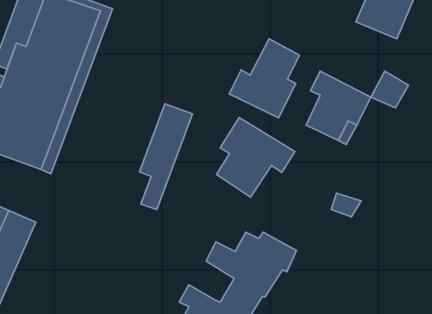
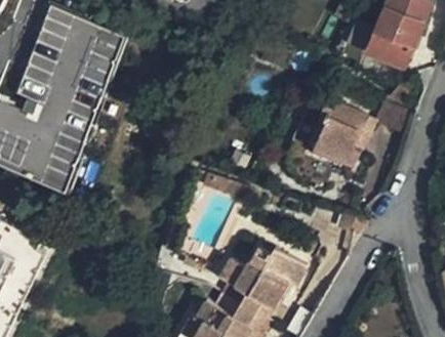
building: [229,39,299,118] -> none
building: [140,104,193,210] -> none
building: [216,117,295,197] -> none

